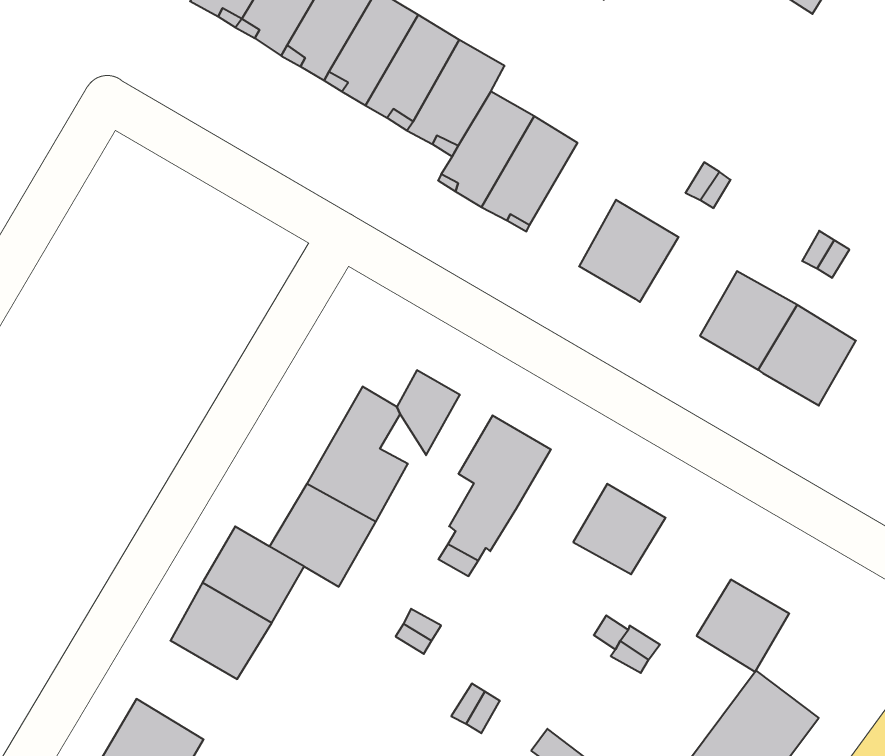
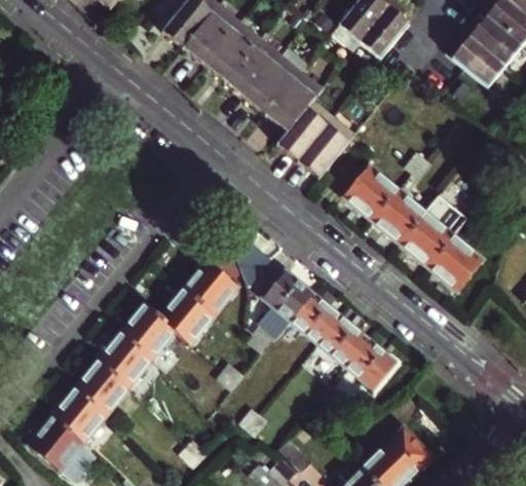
building: none -> [372,191,425,245]
building: none -> [291,292,340,342]
building: [697,580,789,672] -> [345,337,396,387]
building: none -> [76,361,130,415]

